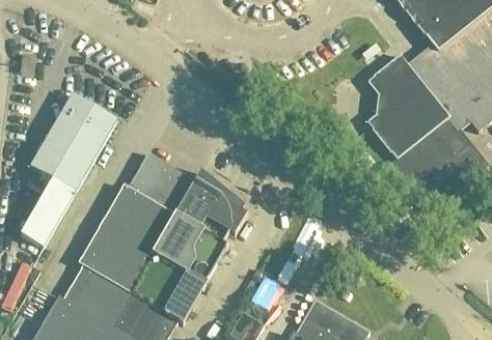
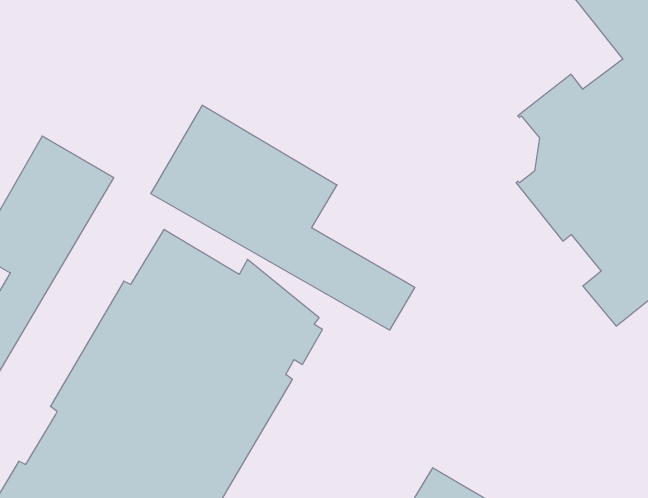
building: none -> [151,105,415,330]

